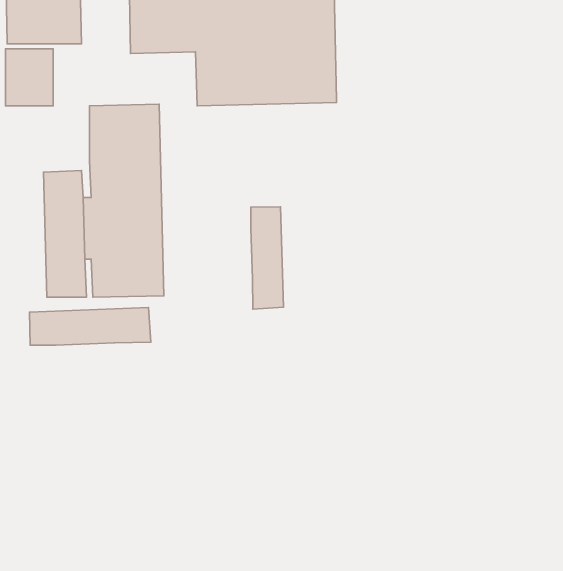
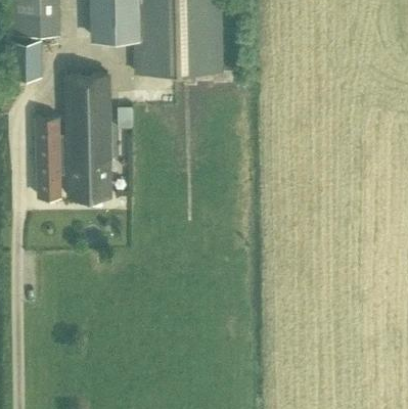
building: [251,207,284,309] -> none
building: [29,308,151,345] -> none

